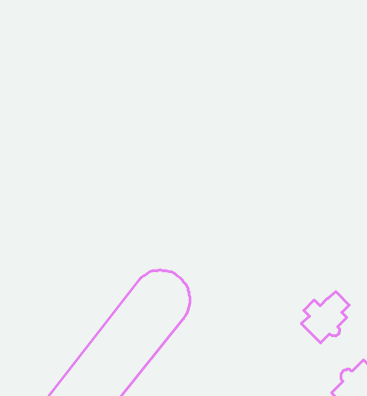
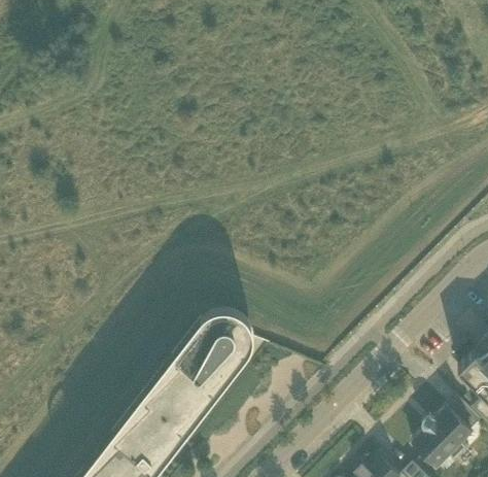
building: [301,292,349,343] -> none

